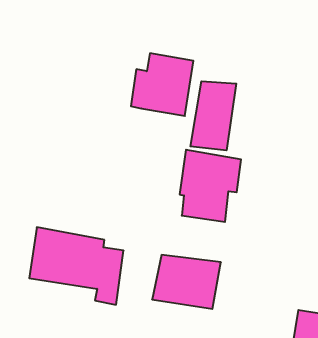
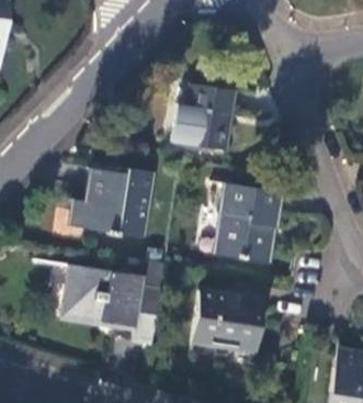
building: [190,81,236,150] -> none
building: none -> [72,168,150,236]

